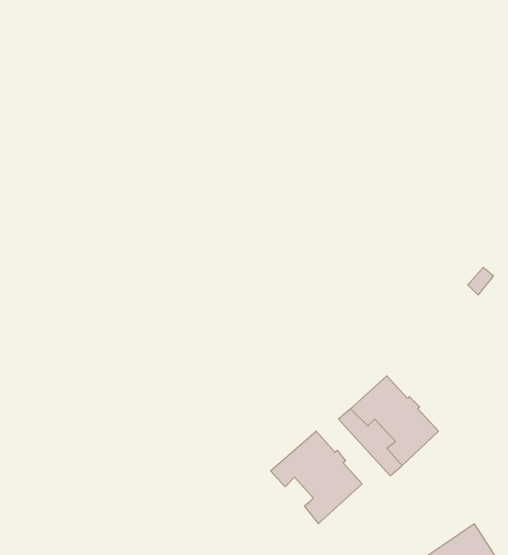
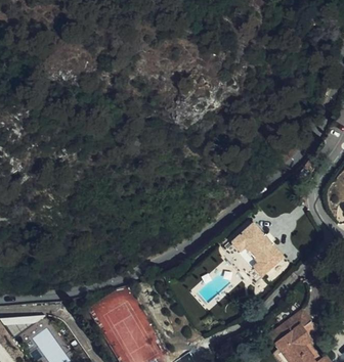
building: [271,431,362,524] -> none

